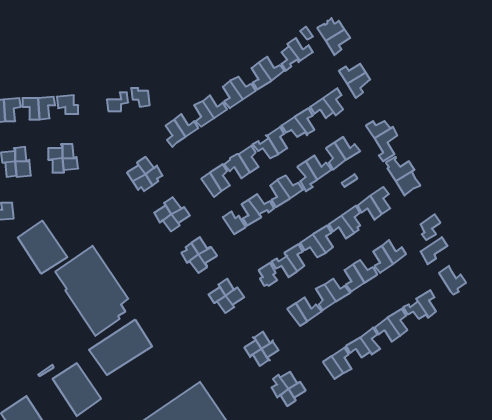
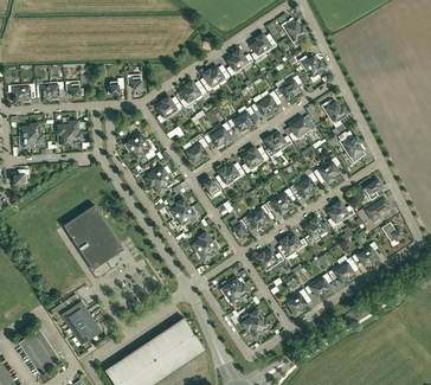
building: [18,221,67,274] -> none
building: [89,320,152,375] -> none

